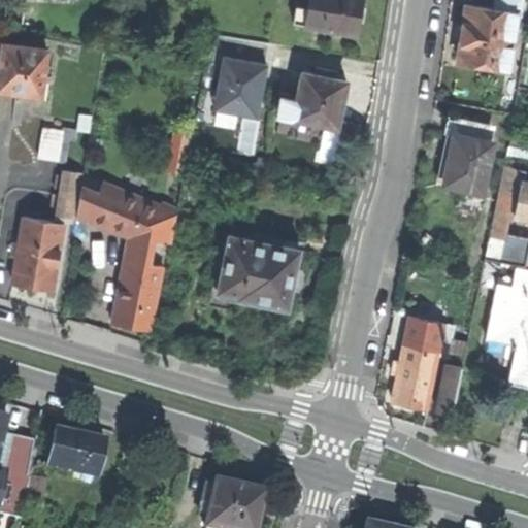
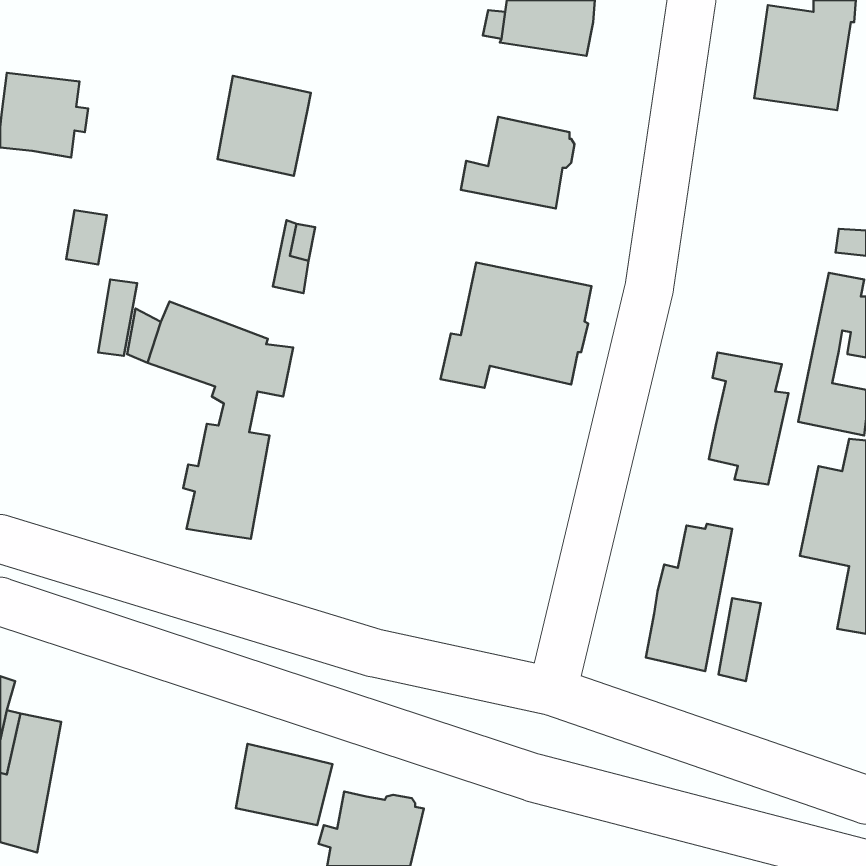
building: [207,57,264,118] -> [218,76,311,176]
building: [446,117,494,197] -> [709,352,789,485]
building: [13,217,66,289] -> none
building: [209,234,301,310] -> [441,262,591,388]
building: [47,426,106,475] -> [236,744,332,825]

